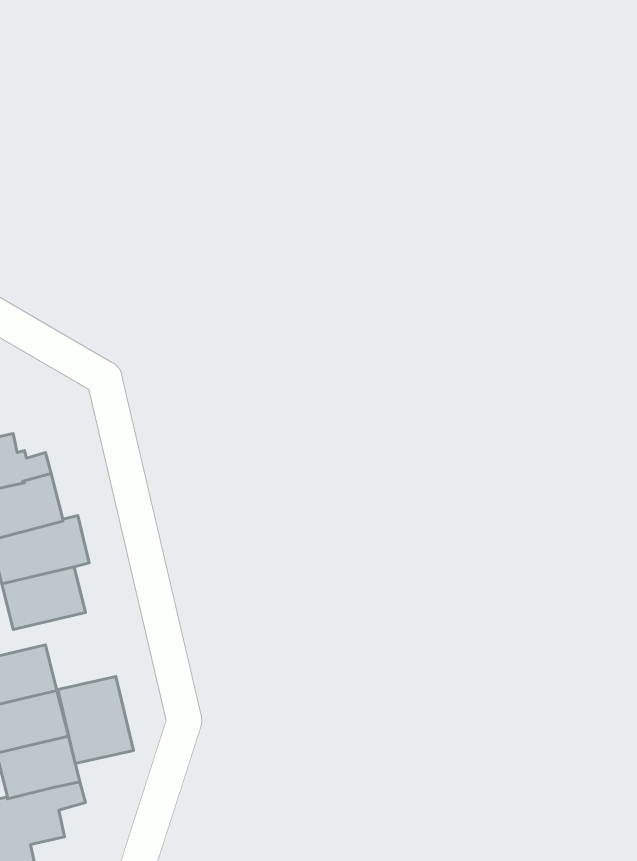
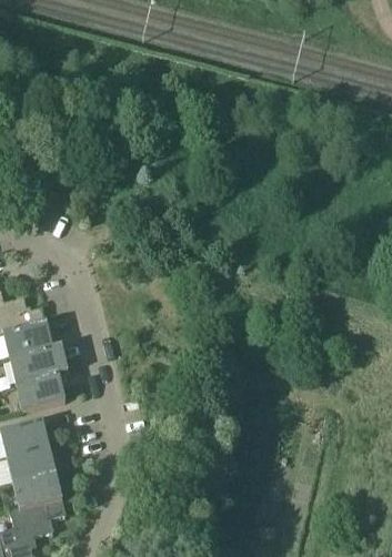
building: [58,676,134,764] -> none

